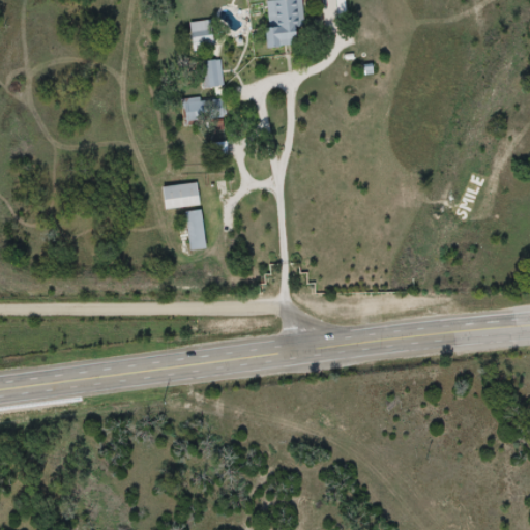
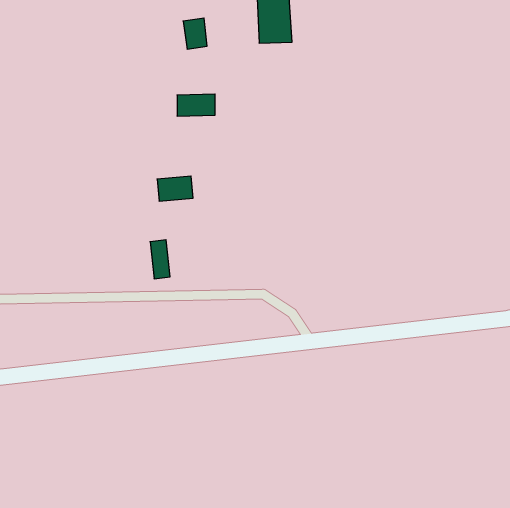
building: [203,59,223,86] -> none
building: [185,209,206,249] -> [150,240,170,279]

